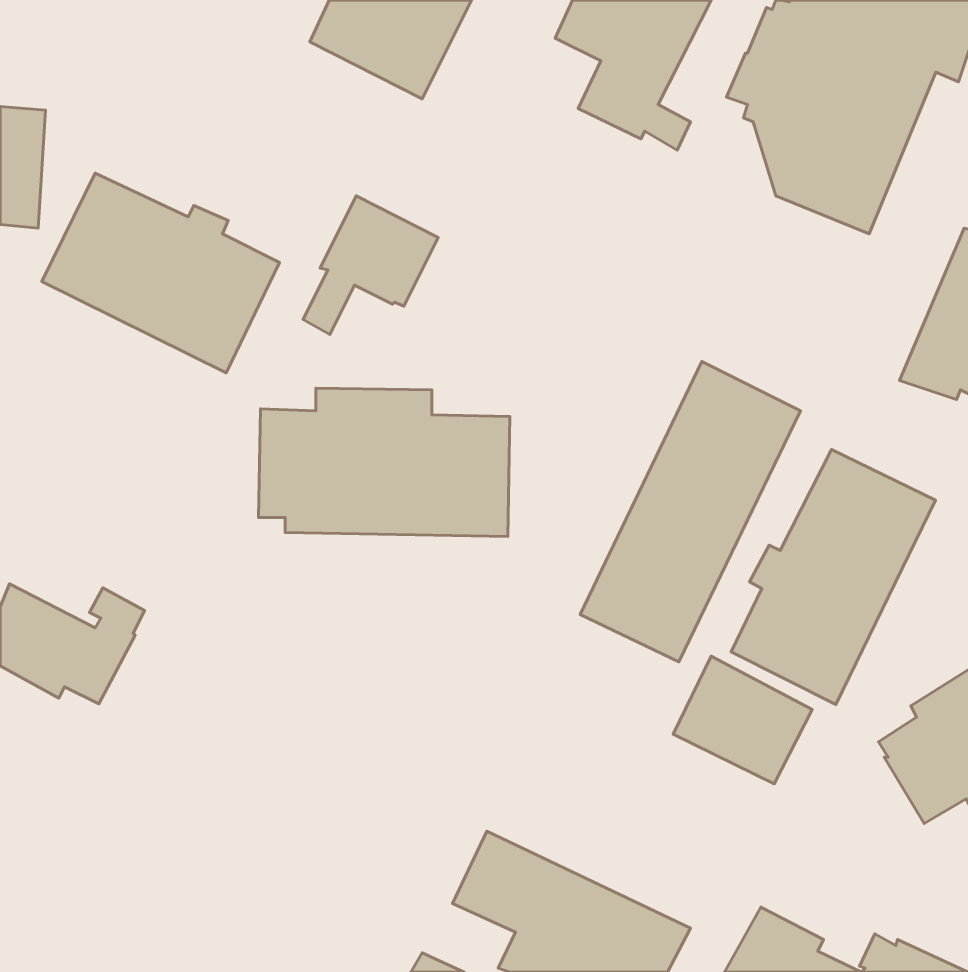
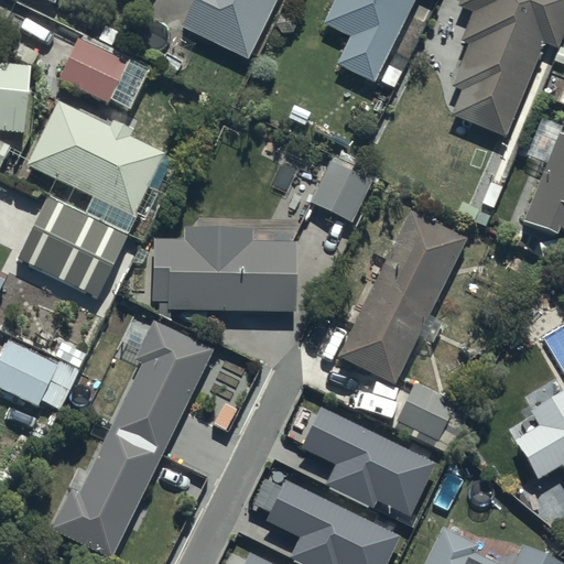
building: none -> [57,25,143,111]
building: [303,196,438,335] -> [300,159,378,239]
building: none -> [19,196,130,300]
building: [731,449,935,704] -> none
building: none -> [44,317,215,558]
building: none -> [300,405,437,518]

